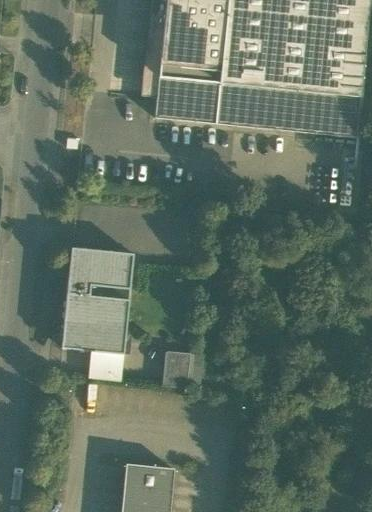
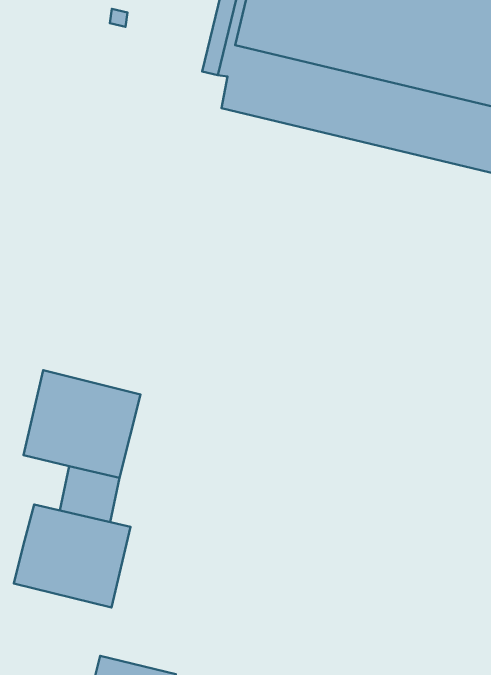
building: [67,246,133,299] -> none
building: [162,350,190,386] -> none
building: none -> [14,504,130,608]

